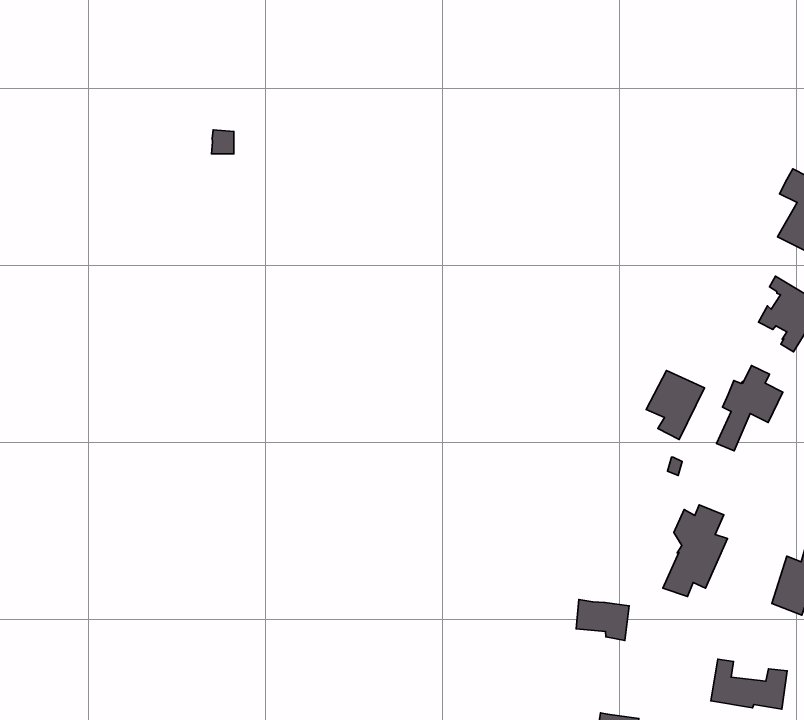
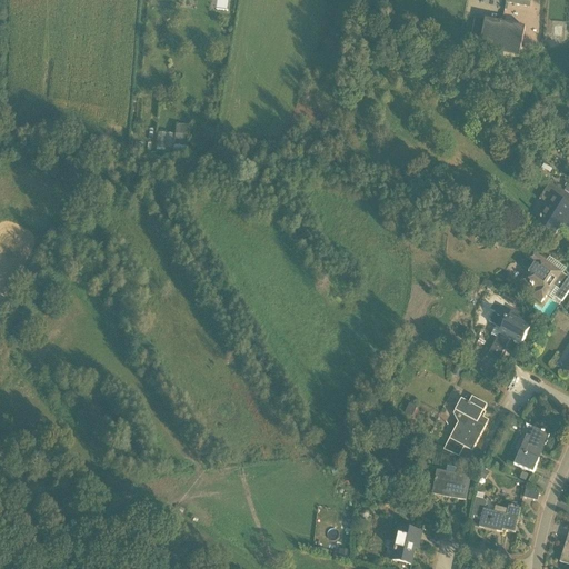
building: [646,370,704,439] -> none
building: [576,599,629,640] -> [433,468,469,497]

